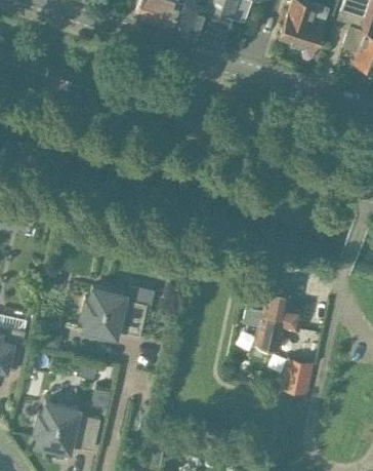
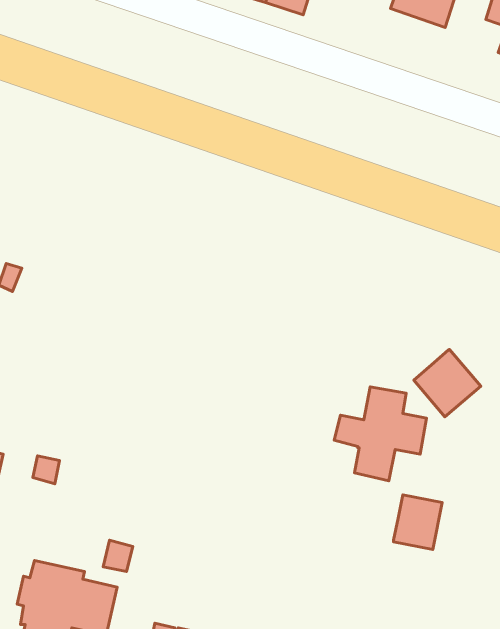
building: none -> [414,350,481,417]
building: [81,287,148,339] -> none

